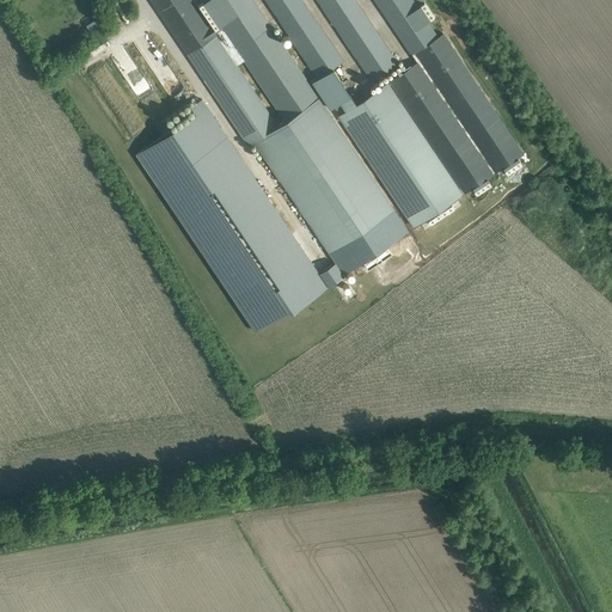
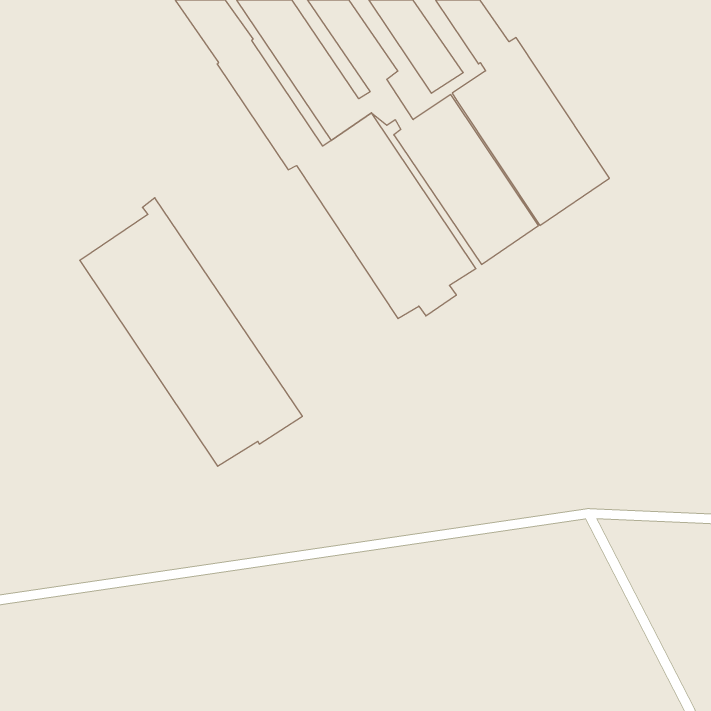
building: [136,99,328,330] -> [80,198,302,466]

